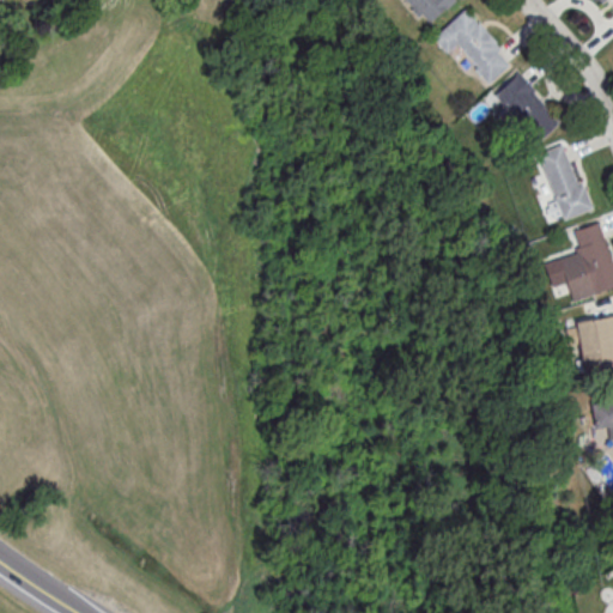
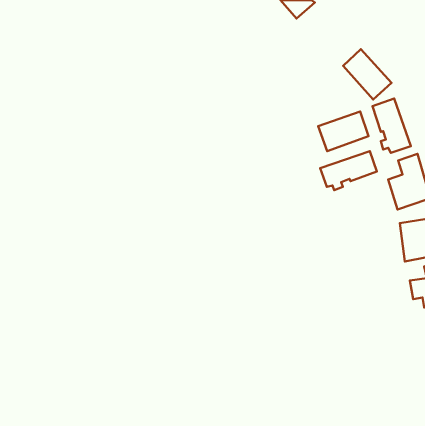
building: [433,7,516,85] -> none
building: none -> [318,111,369,151]
building: none -> [320,151,377,190]

